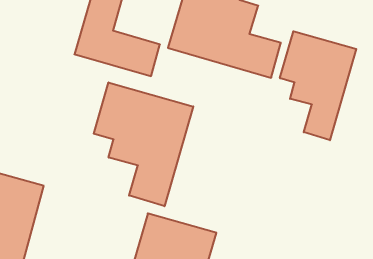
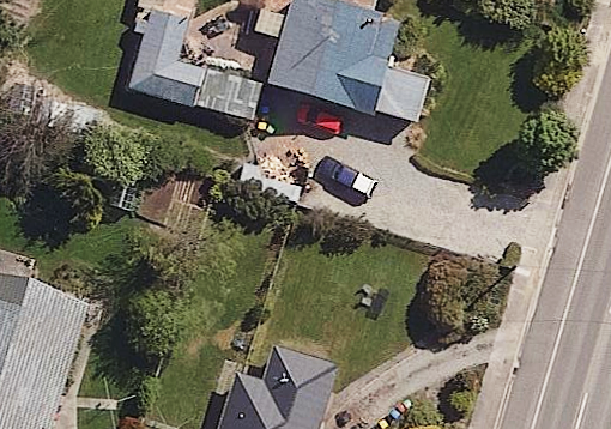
building: [280,31,356,140] -> none
building: [94,82,193,206] -> none

